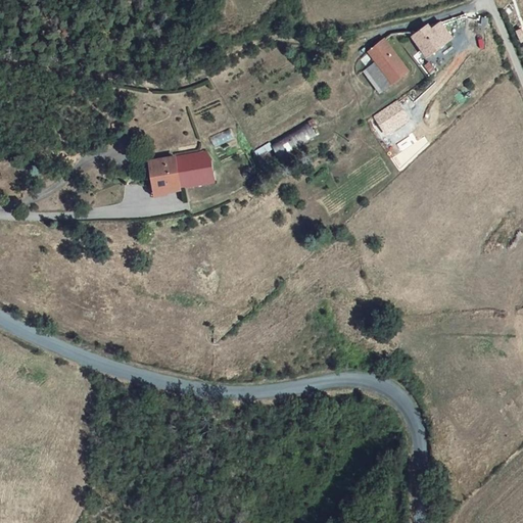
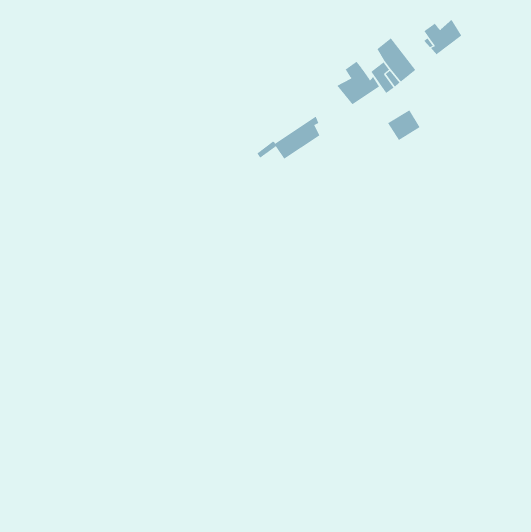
building: none -> [337,61,380,105]
building: [146,154,209,193] -> none

